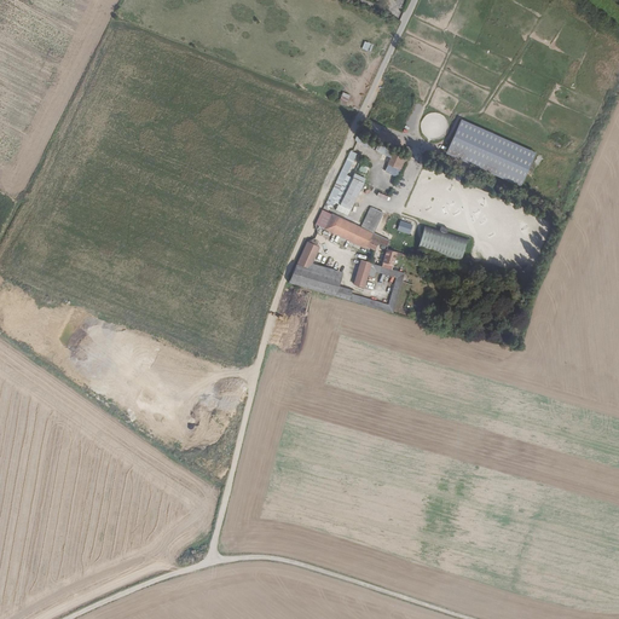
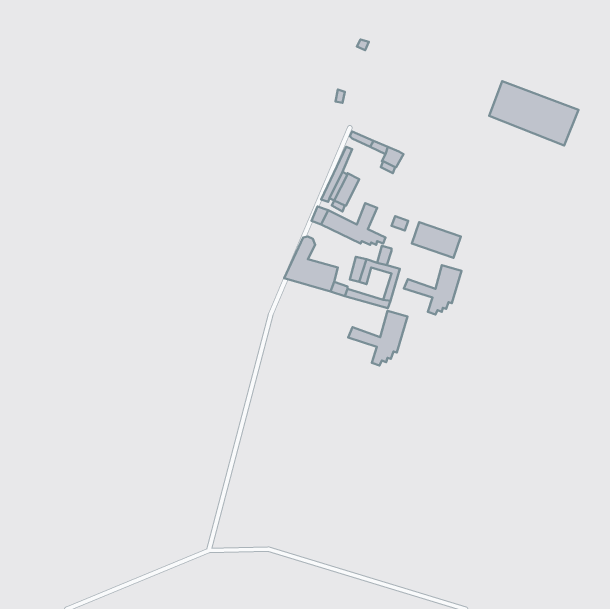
building: [446,120,537,185] -> [489,81,579,146]
building: none -> [404,265,461,315]
building: none -> [348,311,407,366]

